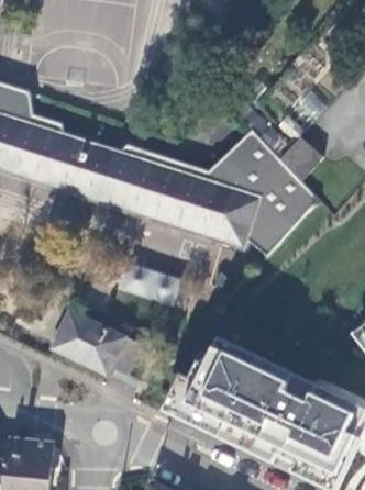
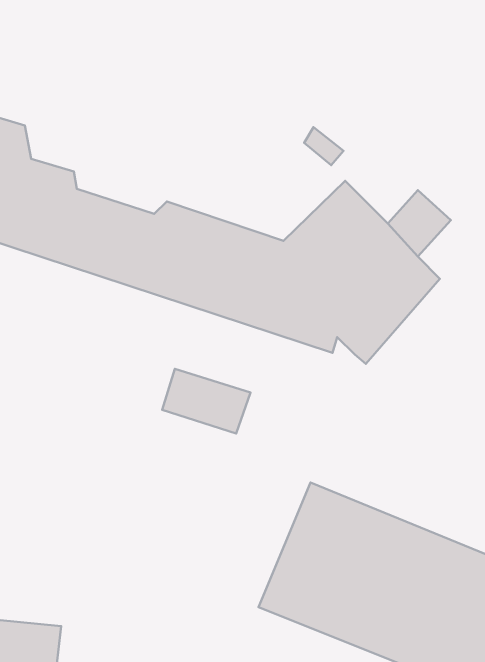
building: [48,310,139,372] -> none

